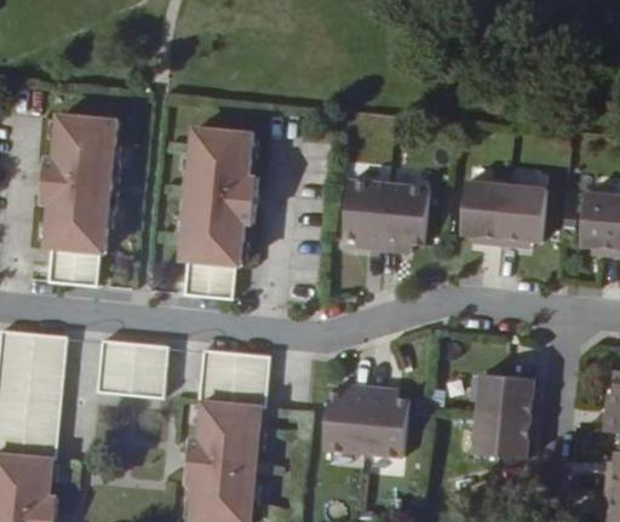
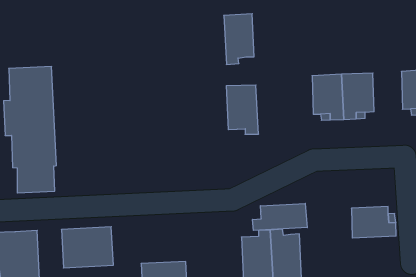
building: [179,126,256,299] -> none
building: [380,184,425,252] -> [224,14,254,64]
building: none -> [253,203,307,230]
building: [193,350,265,409] -> none
building: [482,409,545,454] -> none

